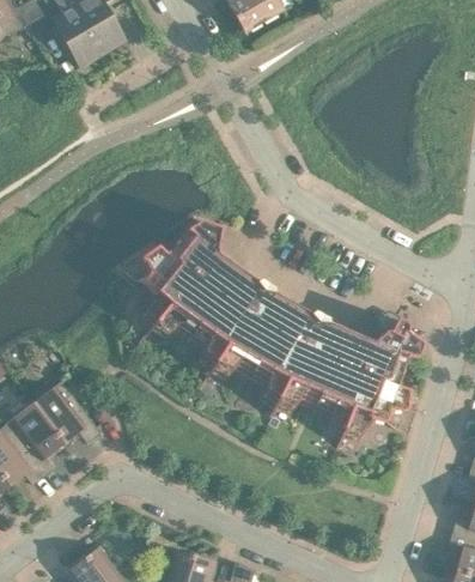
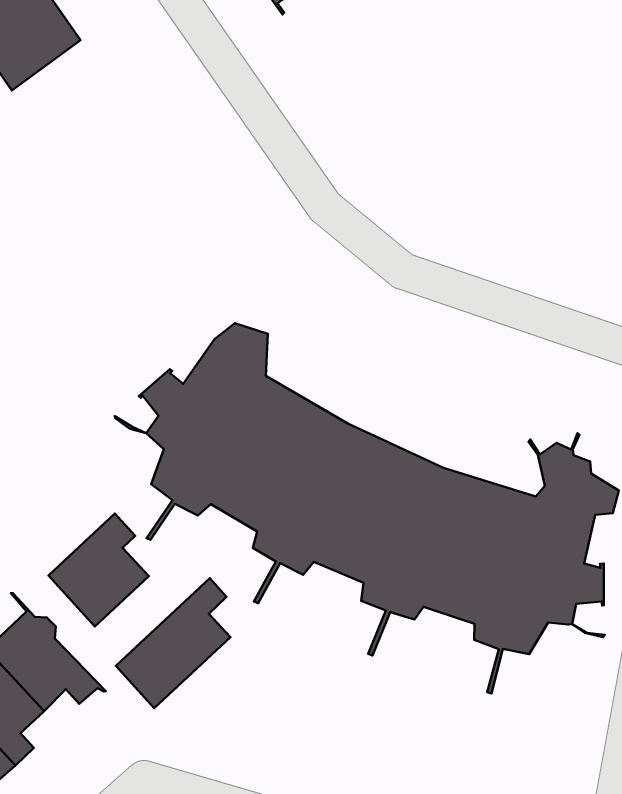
building: none -> [48,513,149,626]
building: none -> [116,578,231,708]

